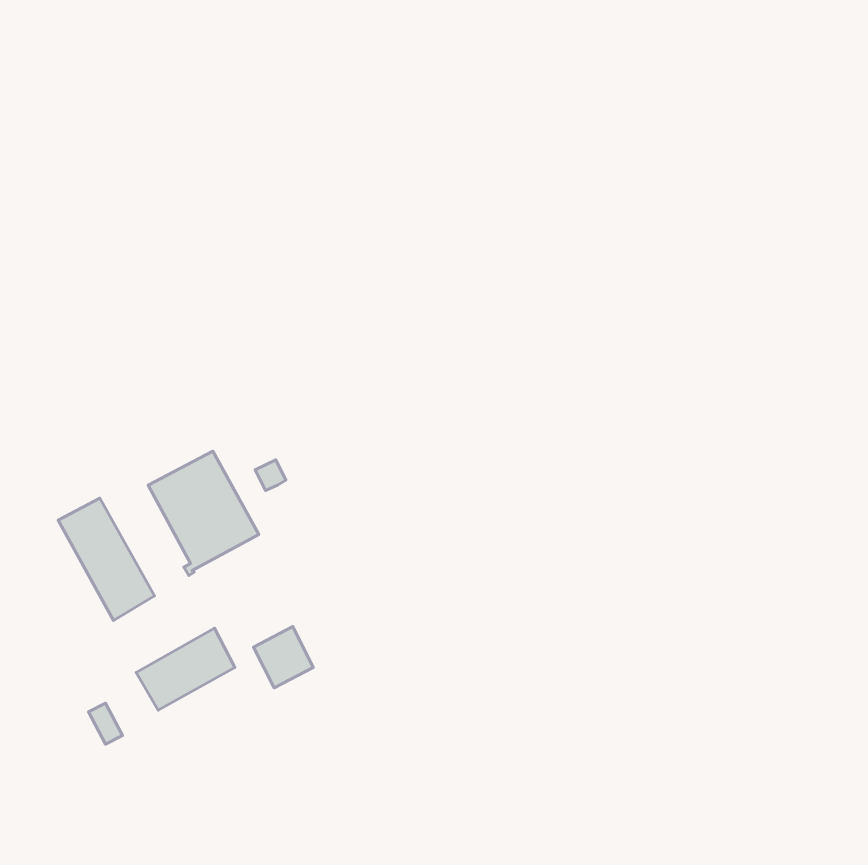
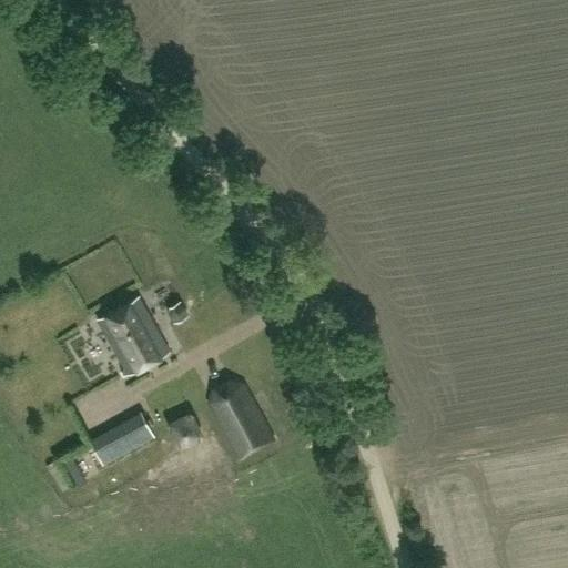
building: [58,498,154,621] -> none
building: none -> [206,378,276,464]

